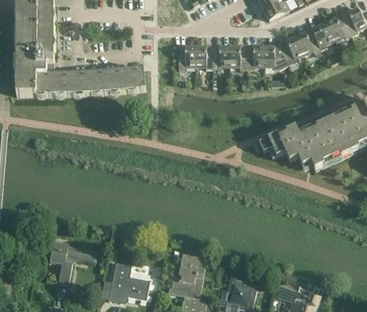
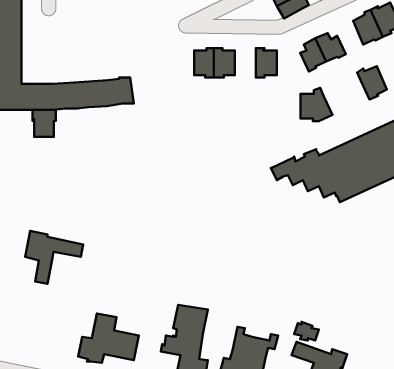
building: [310,21,335,48] -> [357,66,387,99]
building: [264,40,290,68] -> [300,88,332,121]
building: [230,43,247,68] -> none
building: [179,45,196,68] -> none
building: none -> [32,110,56,137]
building: [51,239,98,283] -> [25,231,83,284]

